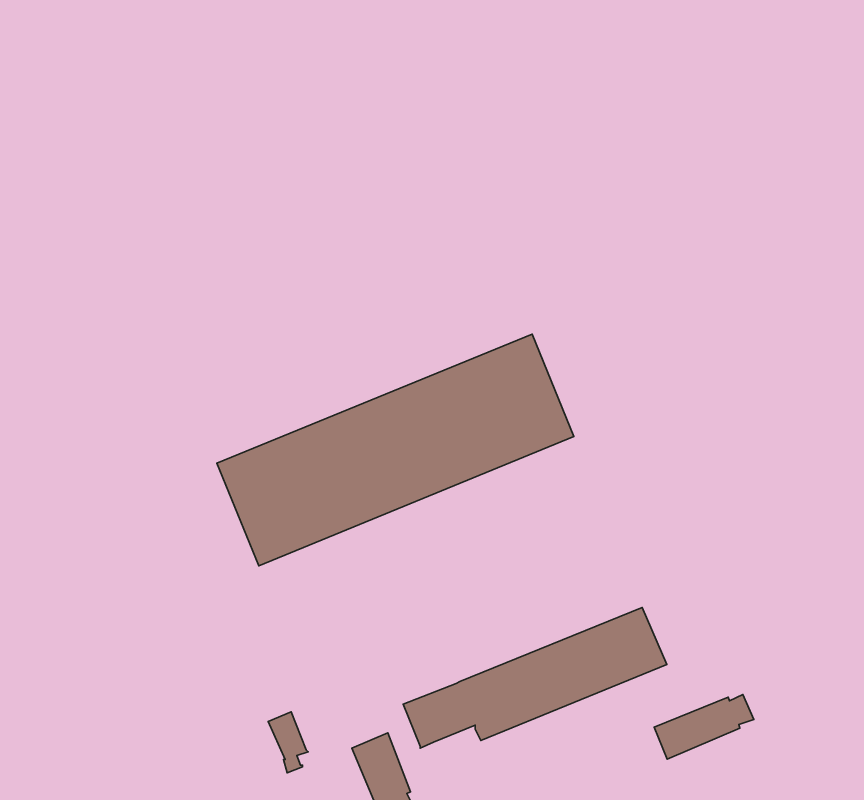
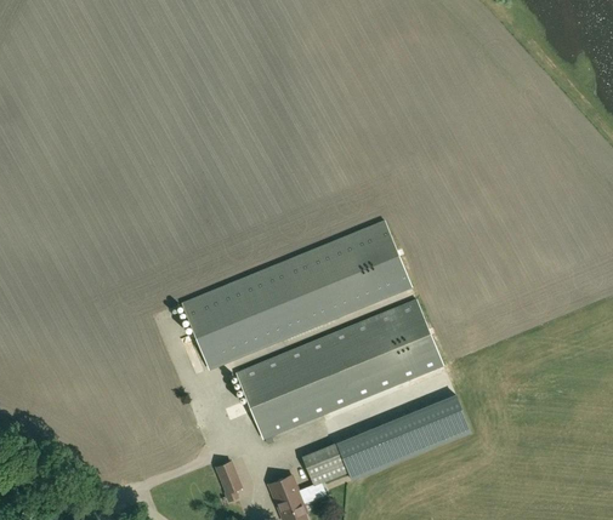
building: none -> [235,299,442,438]
building: [654,694,754,759] -> none

